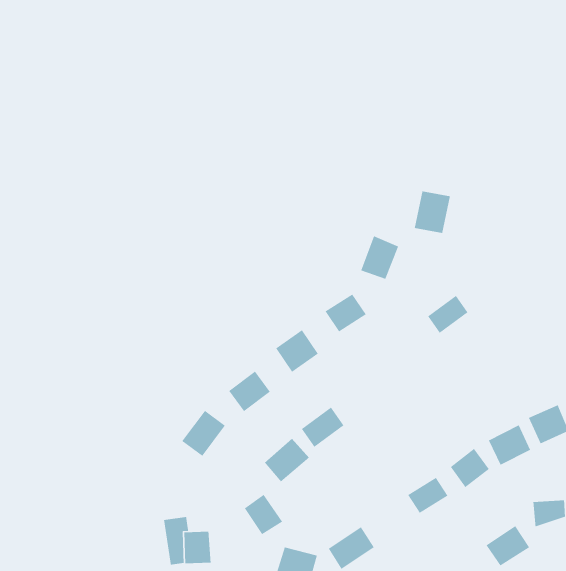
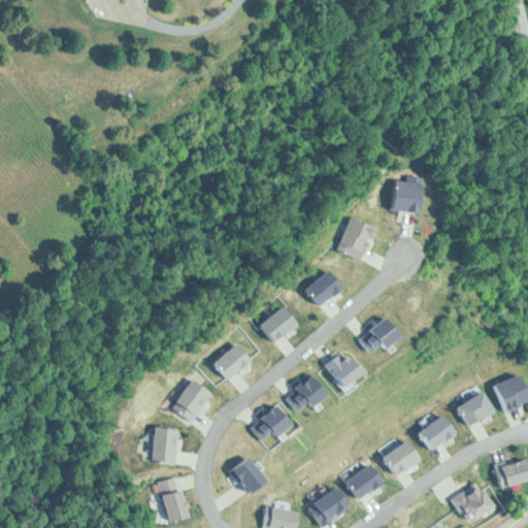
building: [427,295,469,334] -> [355,318,393,354]
building: none -> [325,356,361,390]
building: none -> [151,426,182,465]
building: none -> [345,463,386,500]

